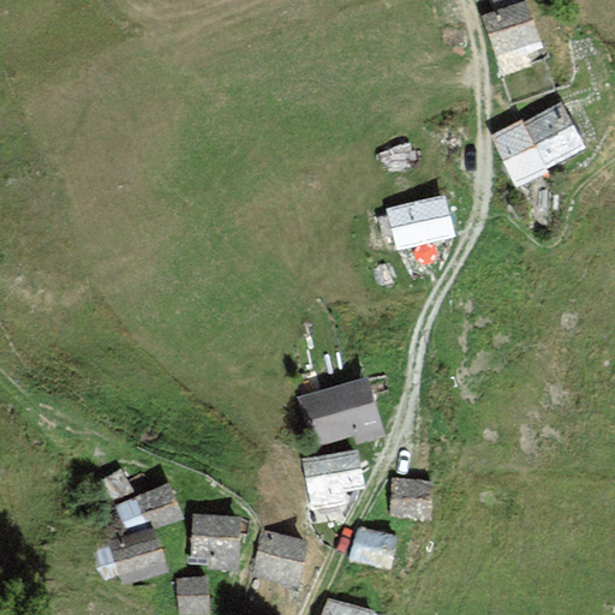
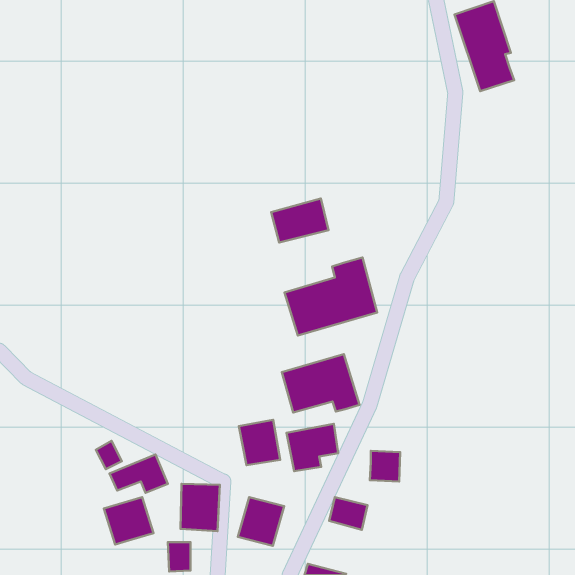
building: [495,106,579,181] -> none
building: [390,198,452,245] -> [271,199,329,243]
building: none -> [285,258,377,336]
building: none -> [239,420,280,465]

